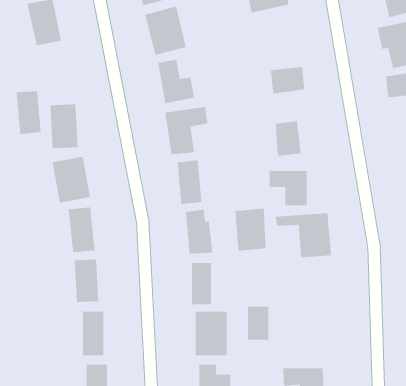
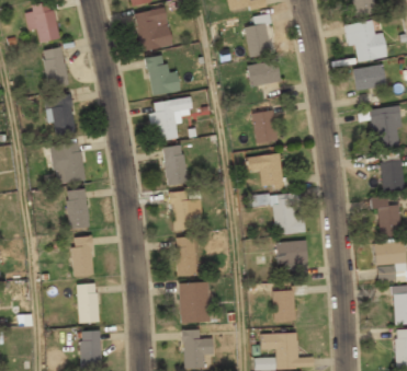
building: none -> [245,13,273,57]
building: [16,91,41,134] -> [44,48,67,88]
building: [235,208,266,251] -> none
building: none -> [276,242,306,265]
building: [247,306,269,340] -> [273,291,293,322]

